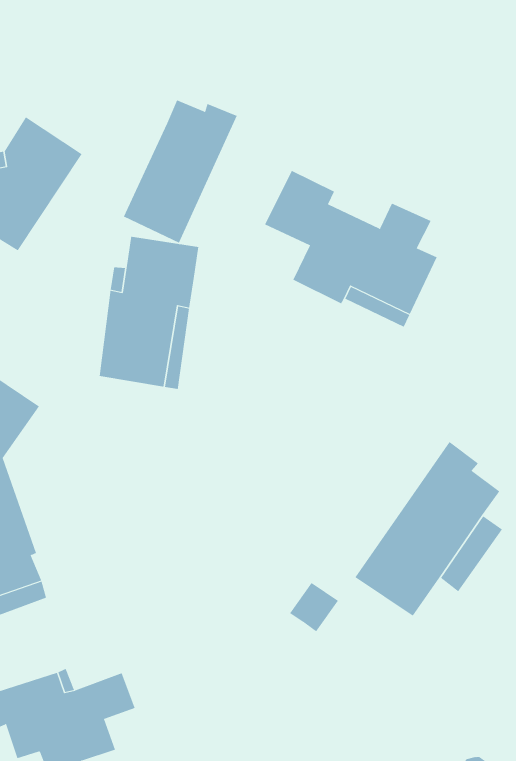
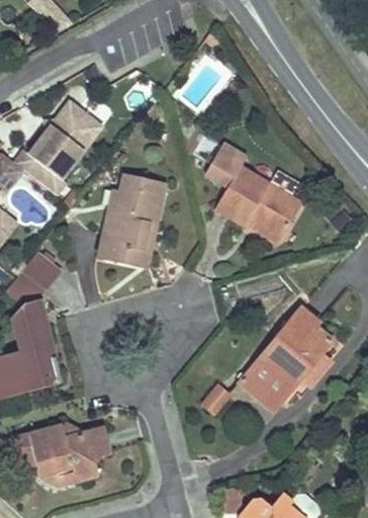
building: [123,100,237,244] -> none

